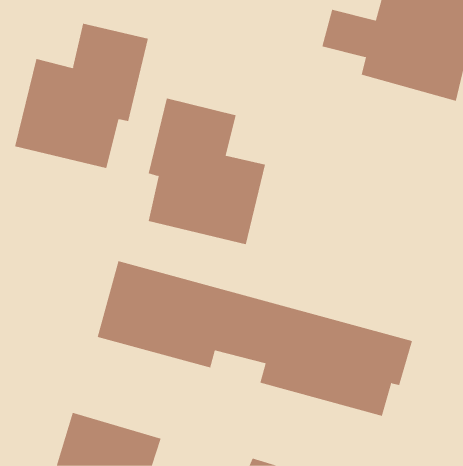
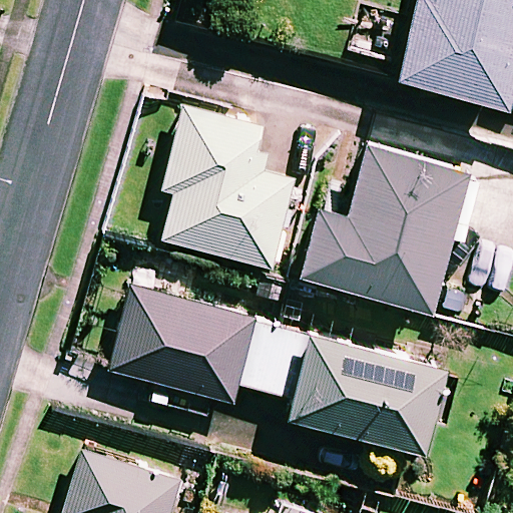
building: [15,23,149,169] -> none
building: none -> [300,145,478,314]

